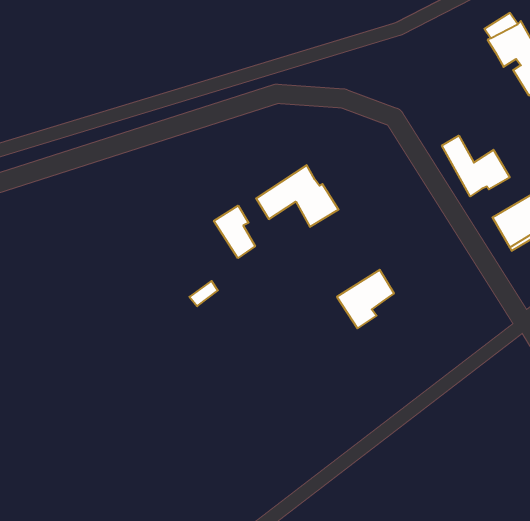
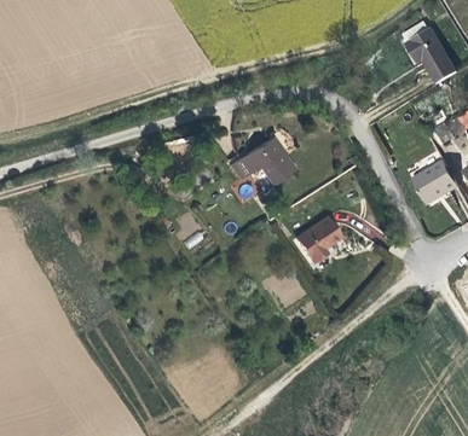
building: [442,136,510,196] -> none
building: [214,206,255,258] -> none

